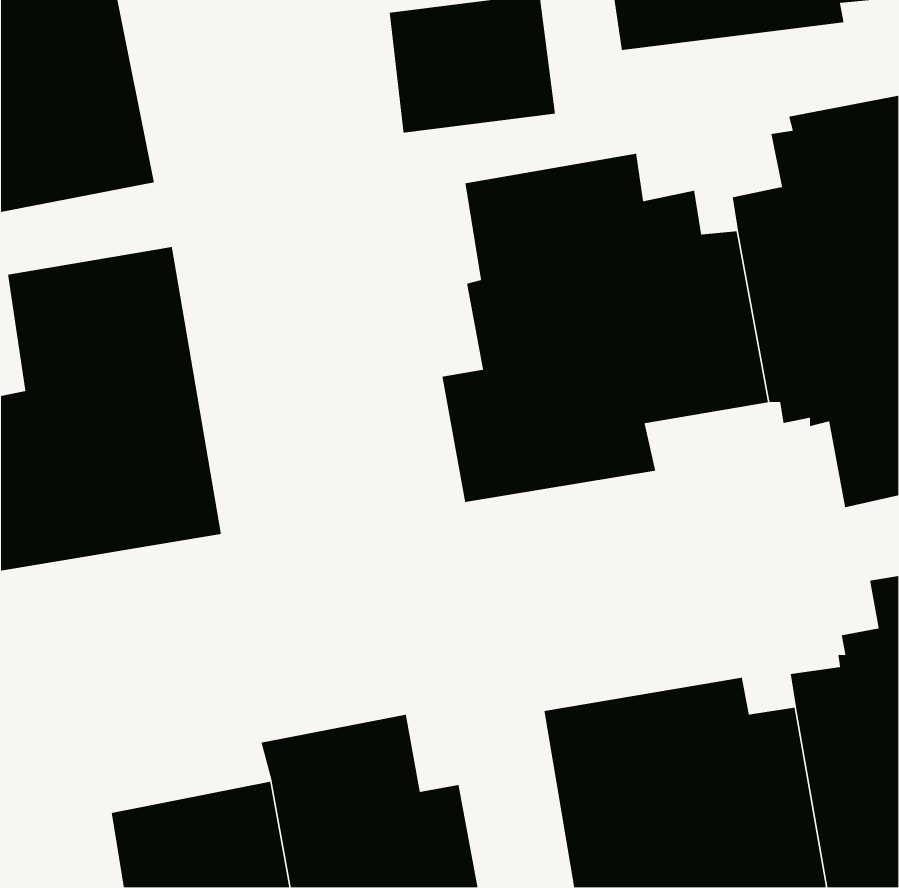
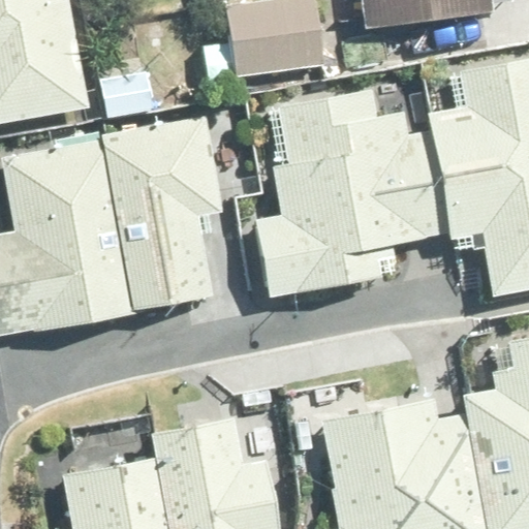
building: none -> [100,119,222,315]

